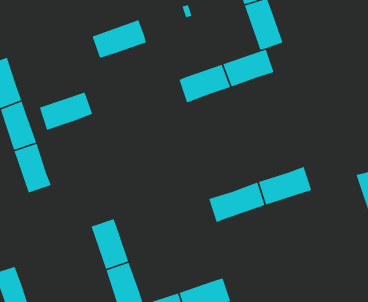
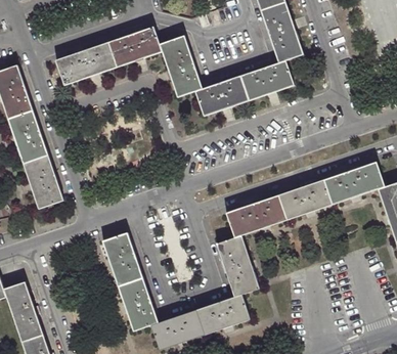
building: none -> [160,36,202,95]
building: [39,91,93,131] -> [56,45,113,86]
building: none -> [324,162,385,205]
building: none -> [216,235,259,297]

